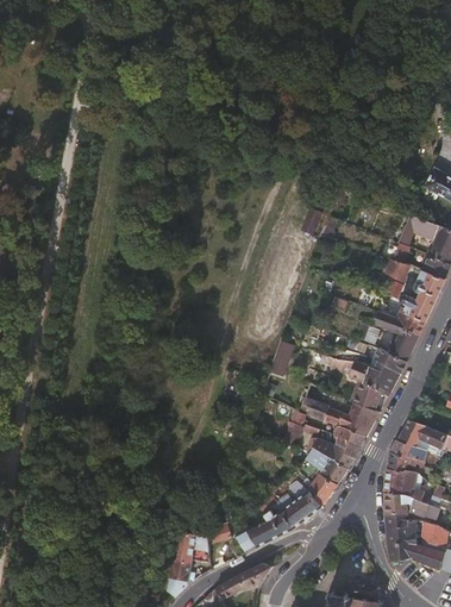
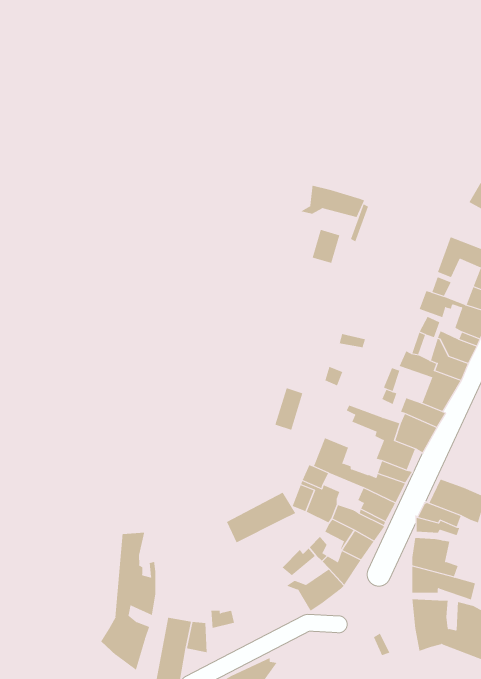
building: none -> [299,185,365,218]
building: none -> [101,532,156,671]
building: [239,509,297,552] -> [226,492,296,543]

